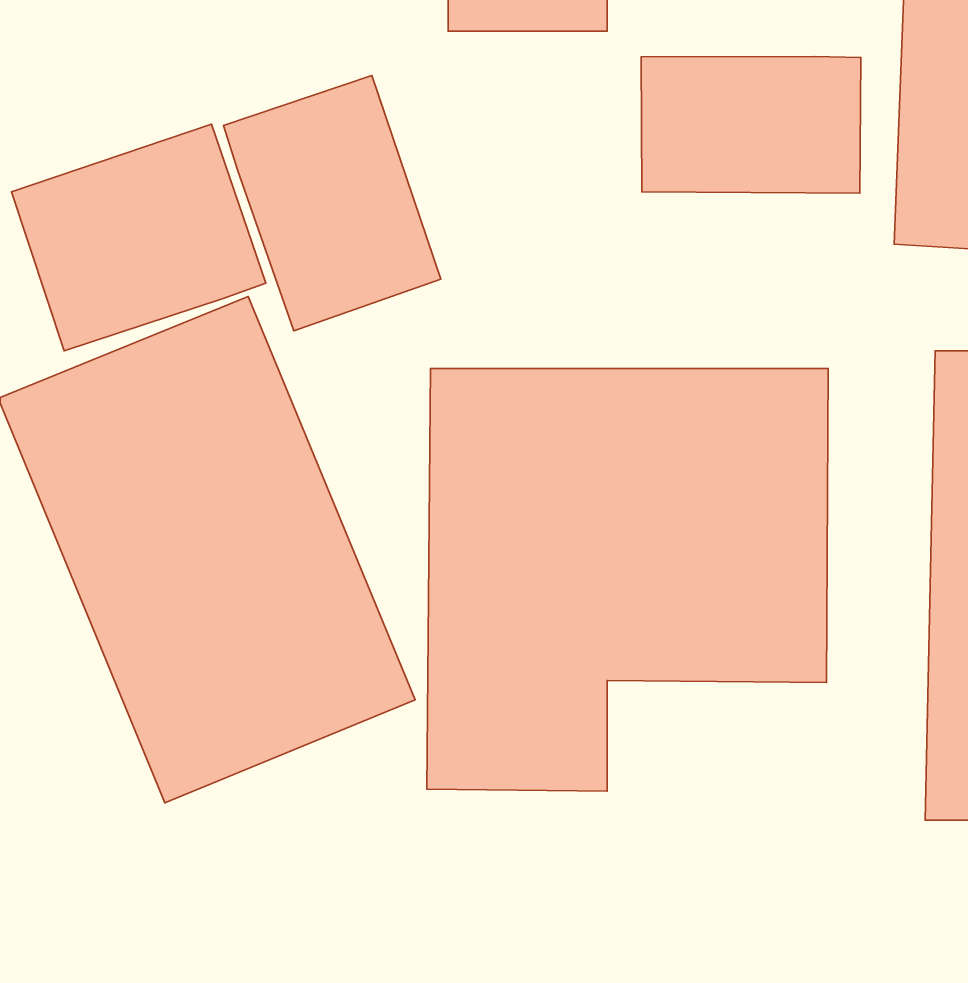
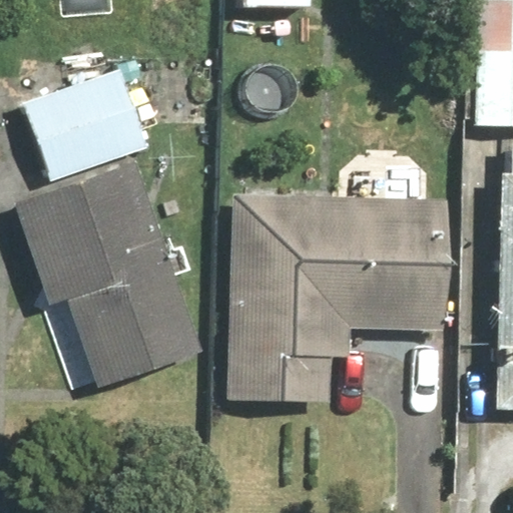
building: [641,56,861,193] -> none
building: [223,75,441,331] -> none

